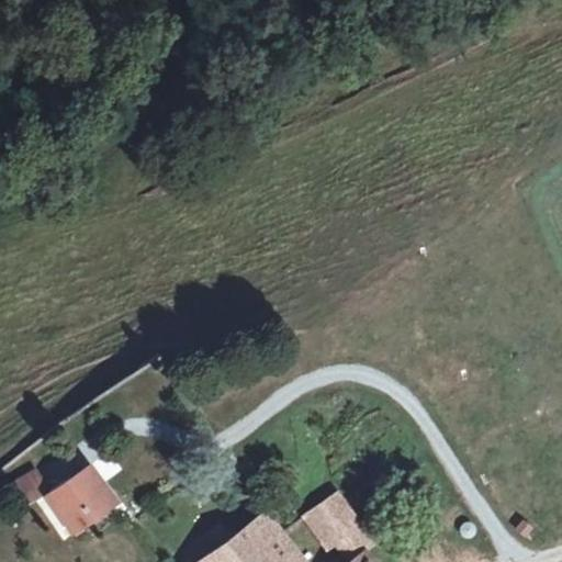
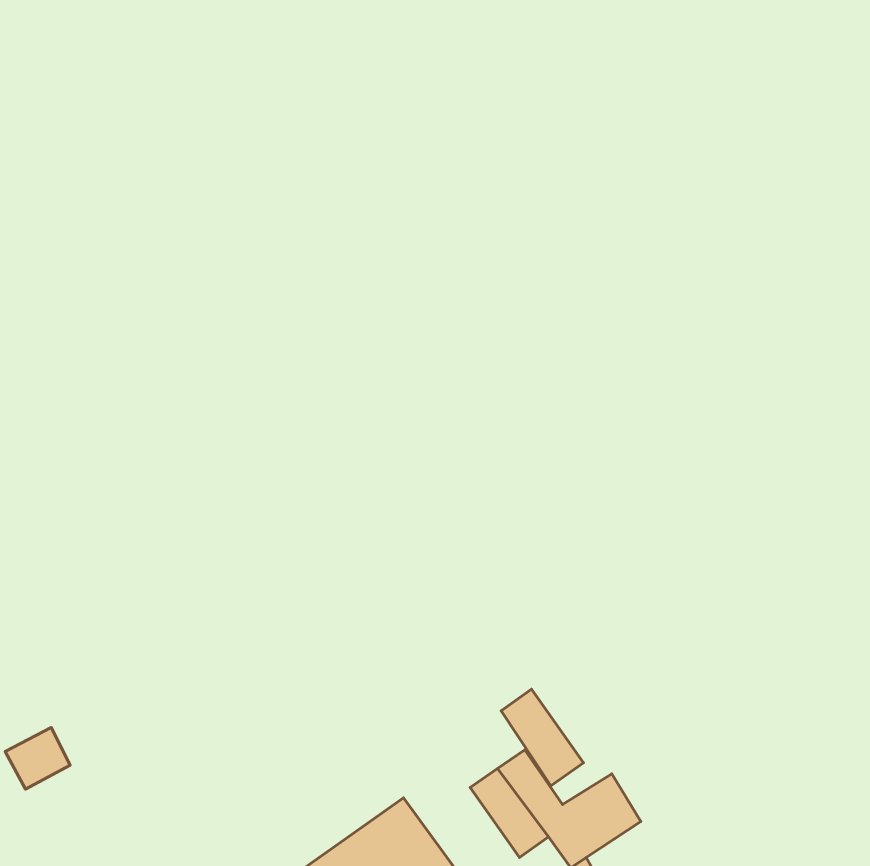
building: none -> [501,689,583,786]
building: [44,470,115,537] -> none

